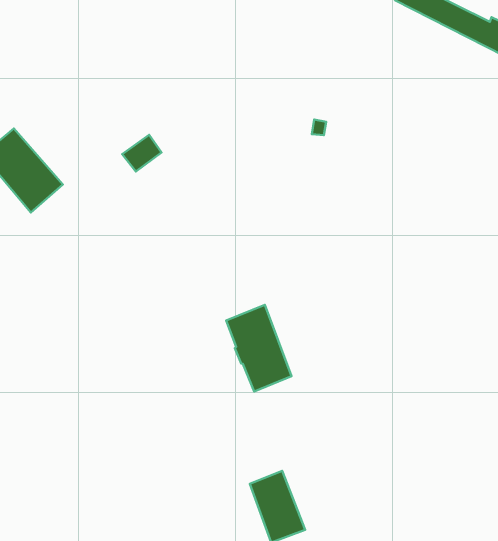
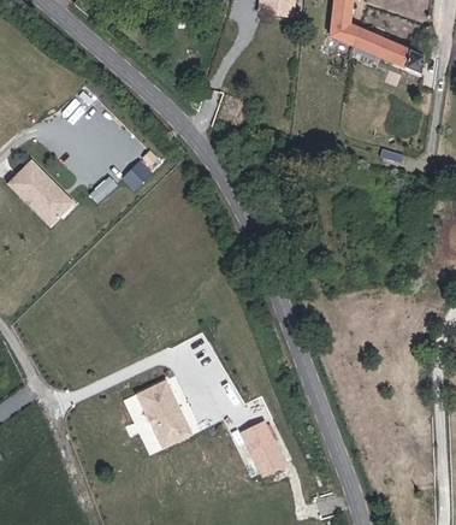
building: [226,305,292,392] -> [135,379,190,449]

